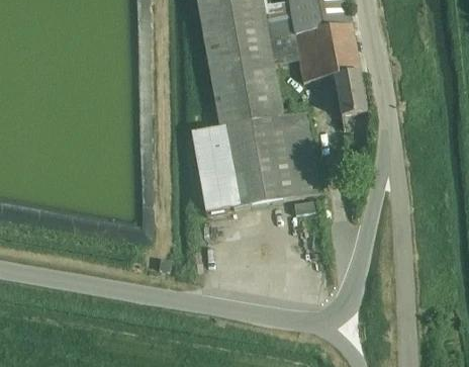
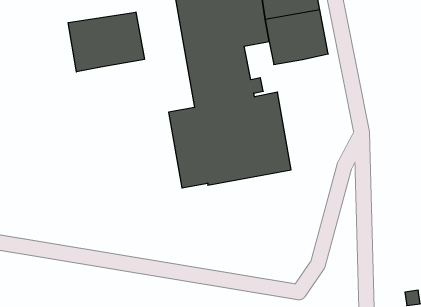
building: none -> [68,12,144,72]
building: [333,69,366,114] -> none

